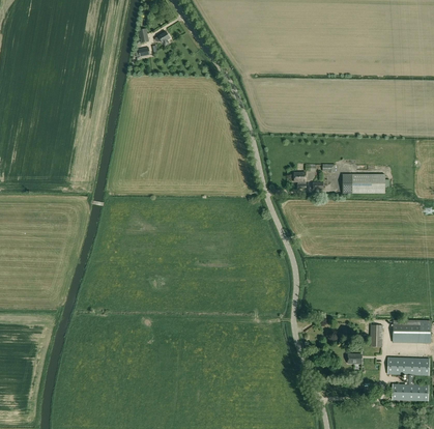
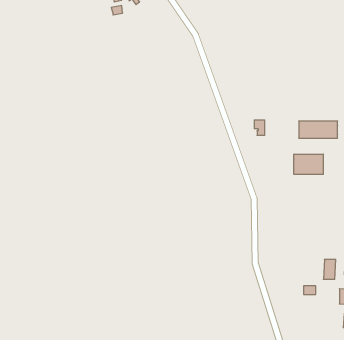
building: none -> [294,154,323,174]

